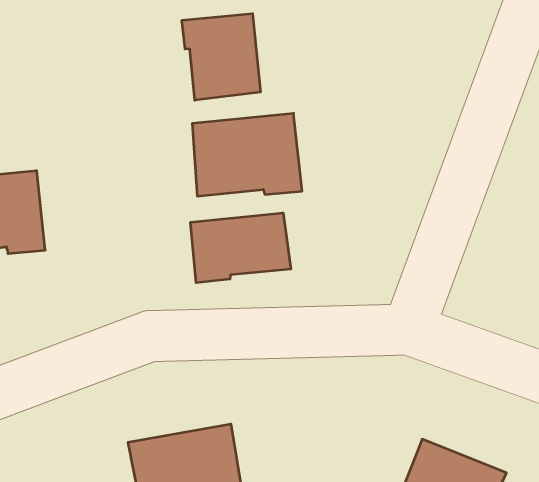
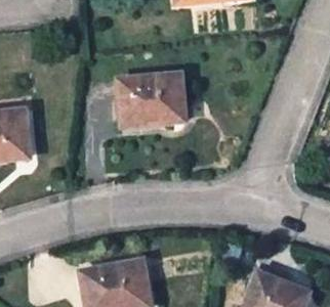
building: [182,14,260,100] -> none
building: [191,213,291,283] -> none

